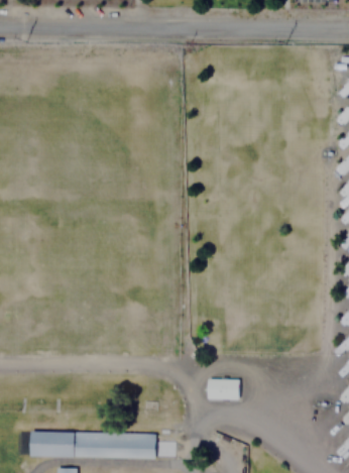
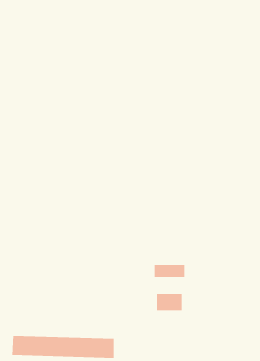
building: none -> [154,264,185,278]

